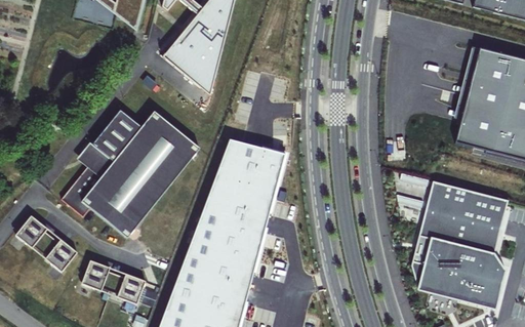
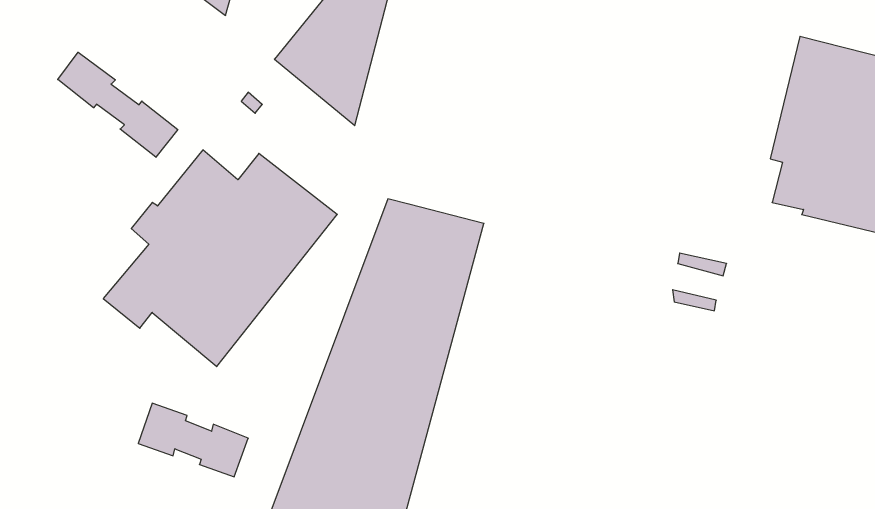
building: none -> [58,52,178,157]
building: [410,178,507,306] -> none
building: [15,217,78,272] -> none

